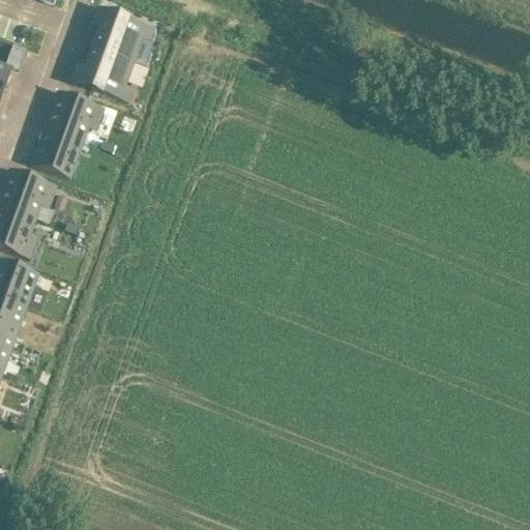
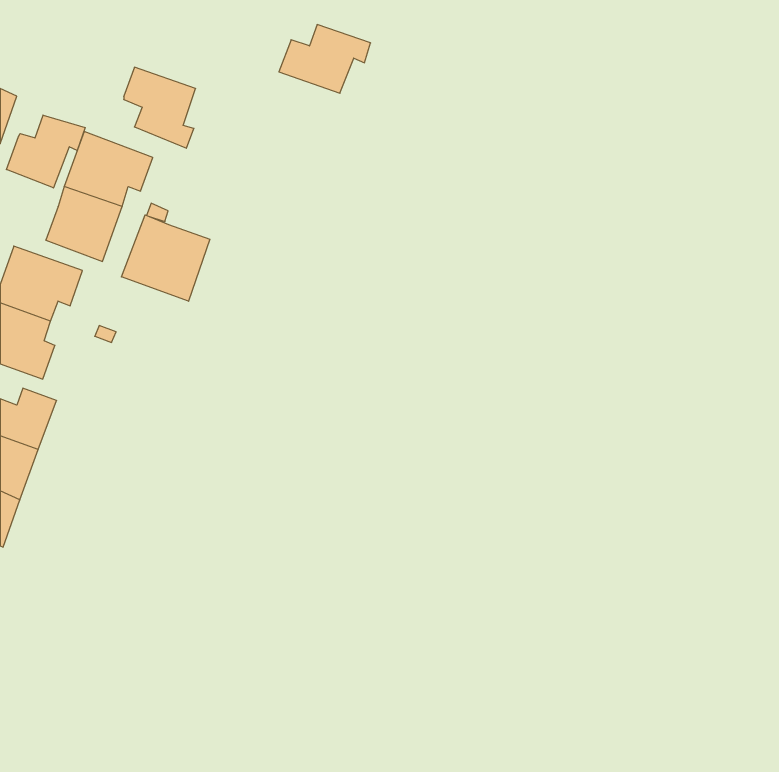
building: [92,13,154,60] -> [279,25,371,93]
building: none -> [6,115,85,188]
building: none -> [121,215,210,301]

